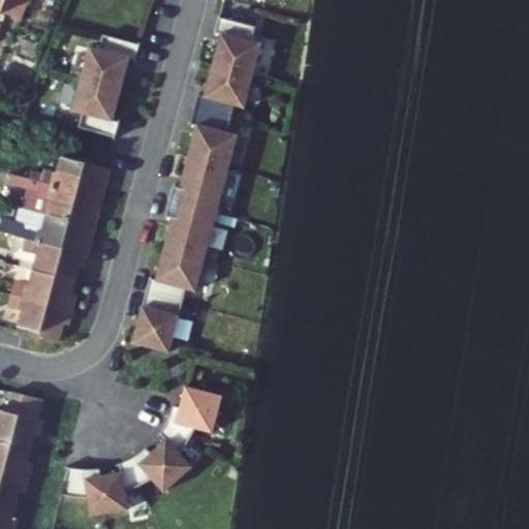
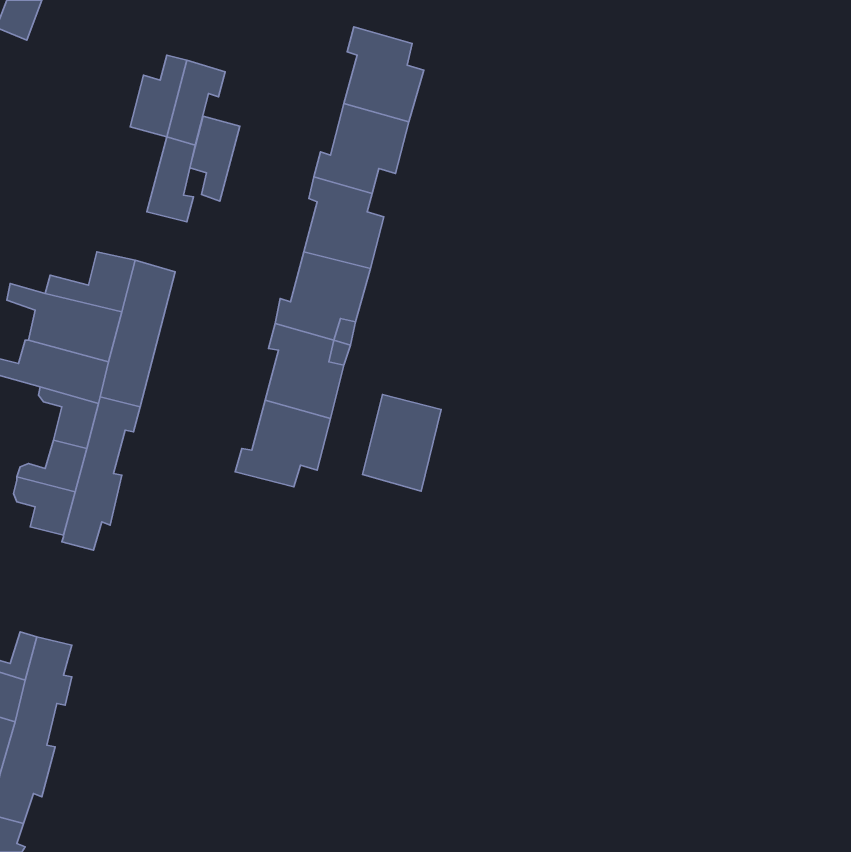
building: [72,79,103,131] -> [190,116,240,201]
building: [133,292,182,352] -> [363,394,441,491]
building: [62,386,222,516] -> none

